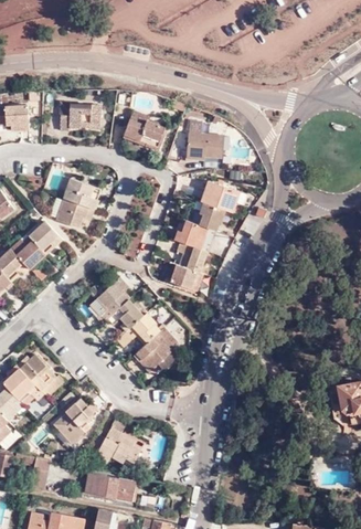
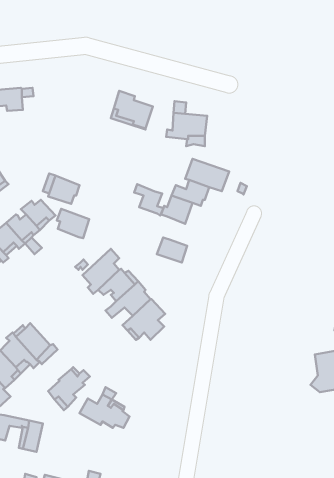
building: [59,102,99,129] -> none
building: [65,178,99,209] -> [57,209,89,238]
building: [178,241,209,274] -> [134,184,163,215]
building: [85,473,135,502] -> none

